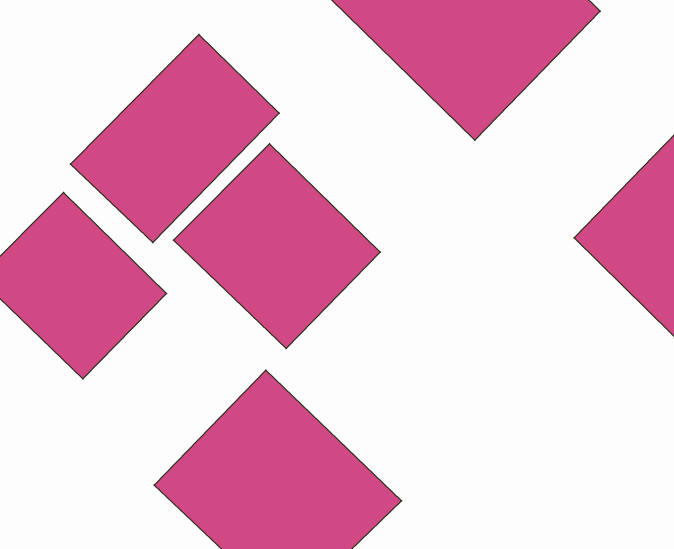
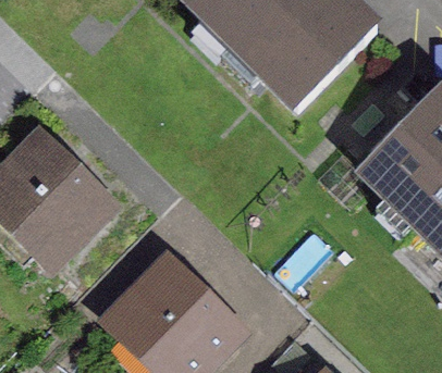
building: [70,34,279,243] -> none
building: [174,144,380,349] -> none

